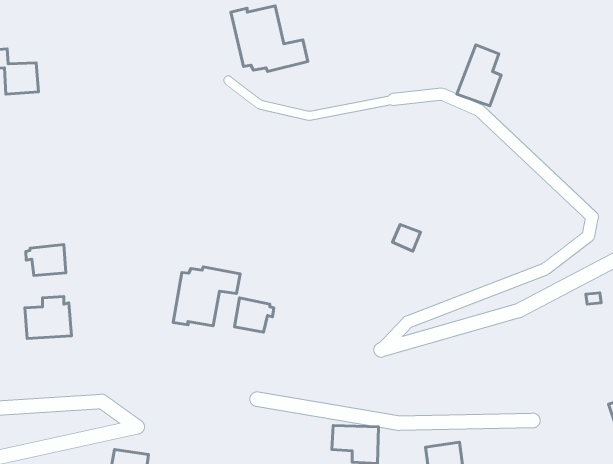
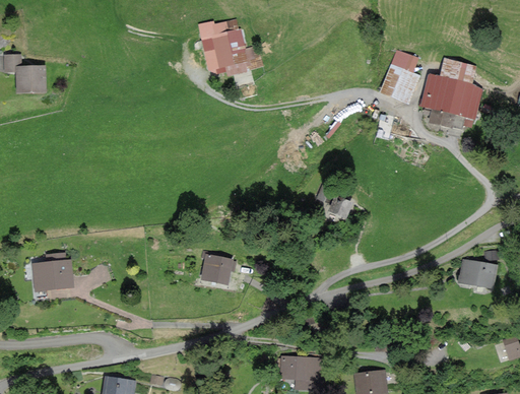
building: none -> [424,60,478,128]
building: [26,245,66,275] -> none
building: [173,267,240,326] -> none
building: none -> [459,259,496,287]

